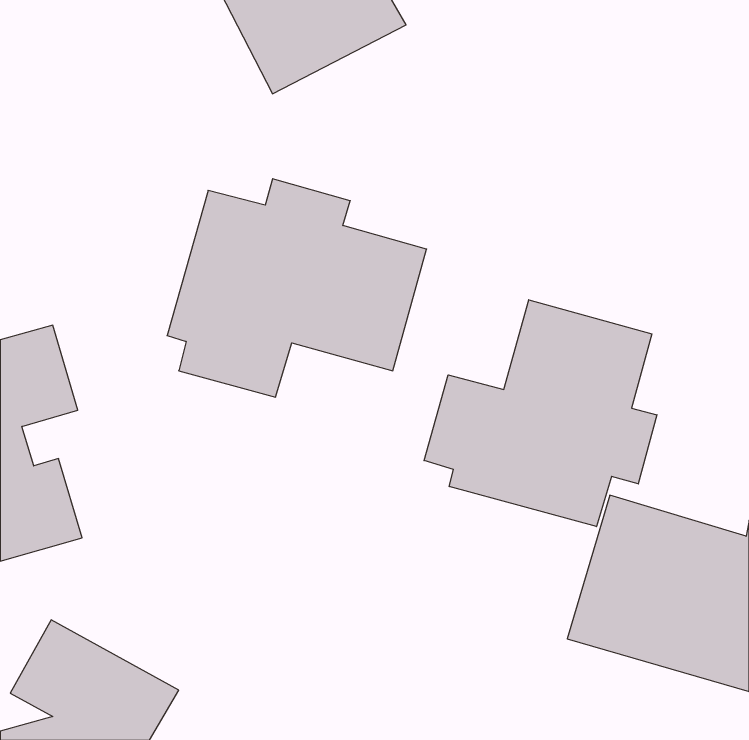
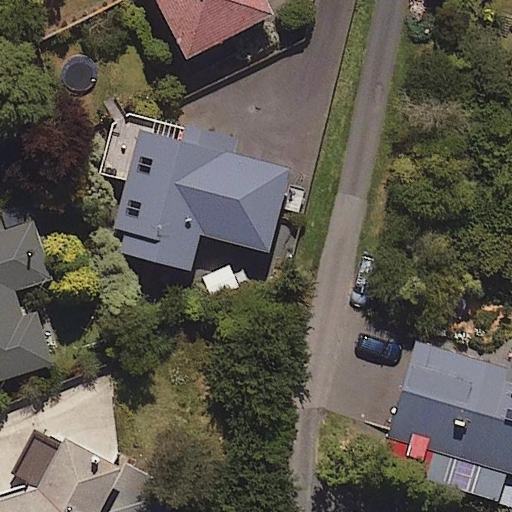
building: [424,300,657,527] -> none

